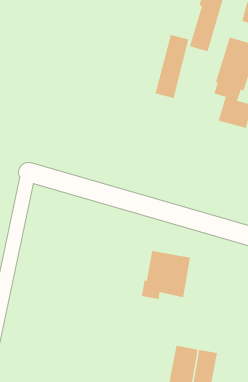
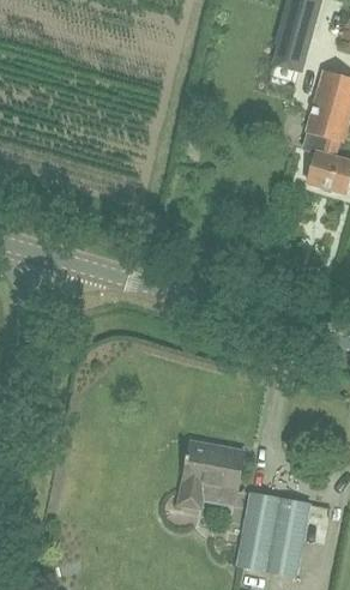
building: [155,34,189,99] -> none
building: [141,251,191,300] -> [176,442,245,510]

